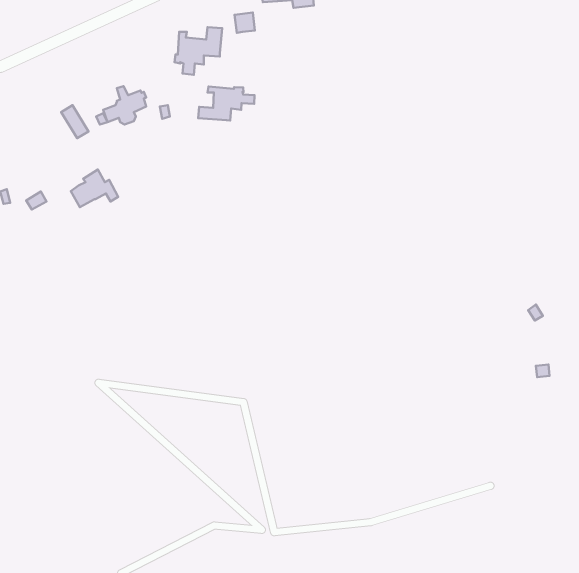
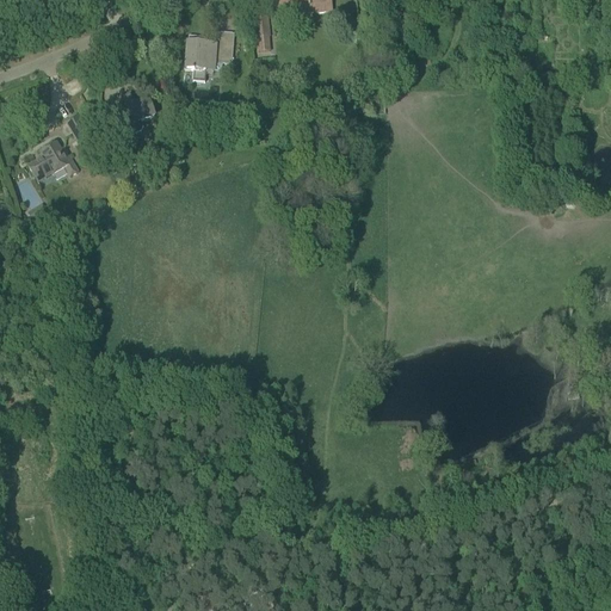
building: [198,86,255,121] -> none
building: [71,170,118,207] -> [27,140,78,179]

